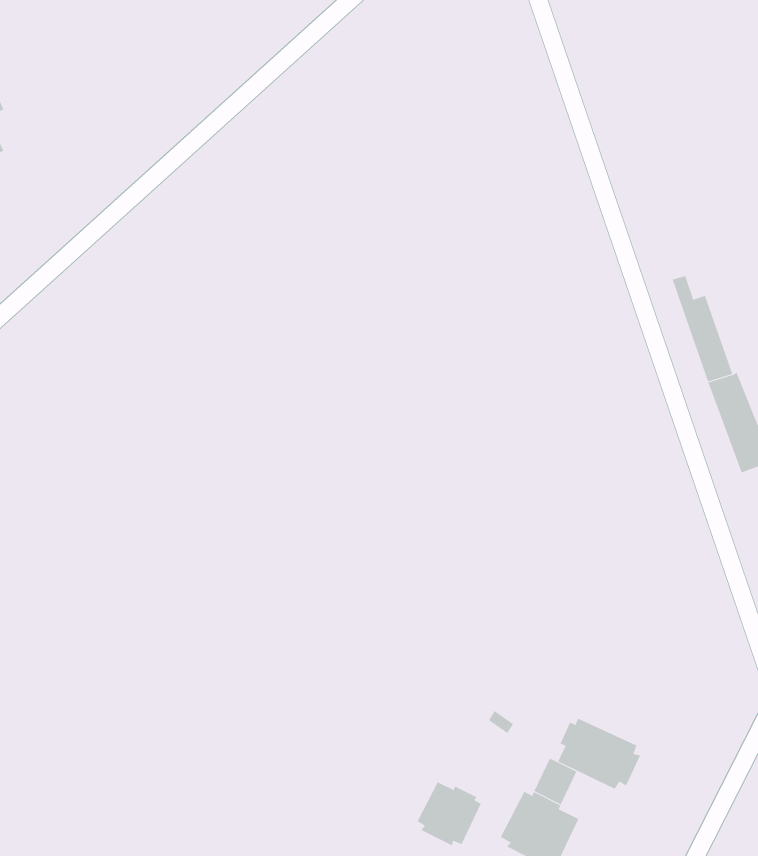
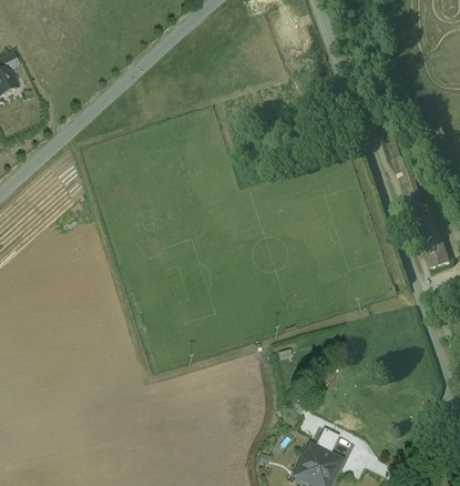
building: [557,718,641,789] -> none
building: [417,781,482,846] -> none

